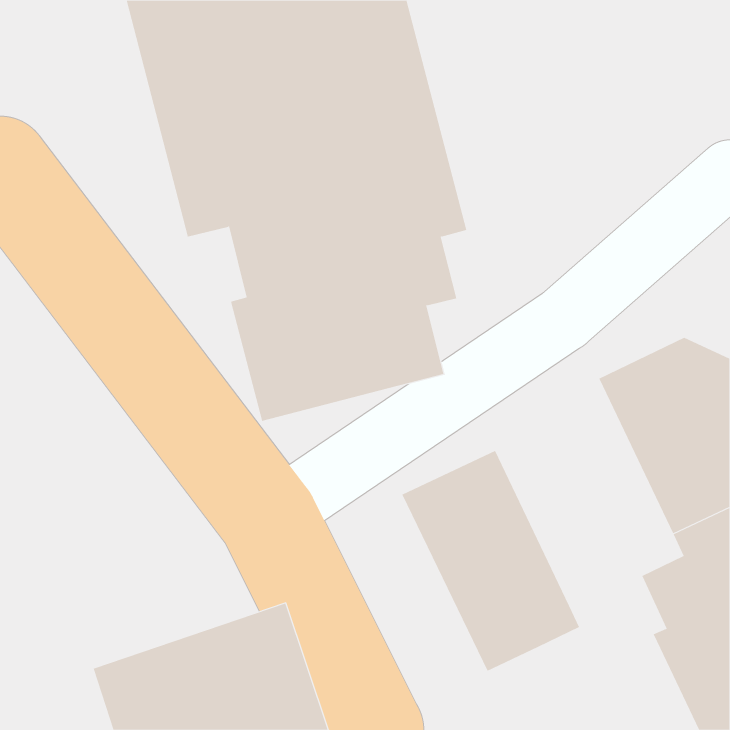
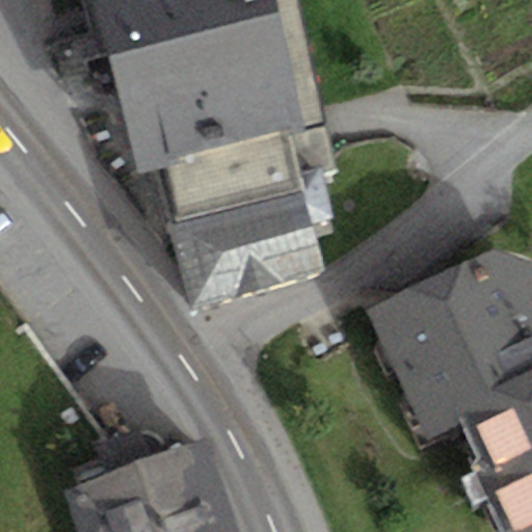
building: [401,450,580,671] -> [367,275,497,436]

